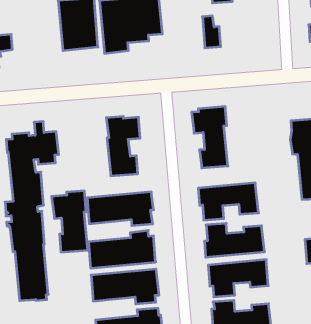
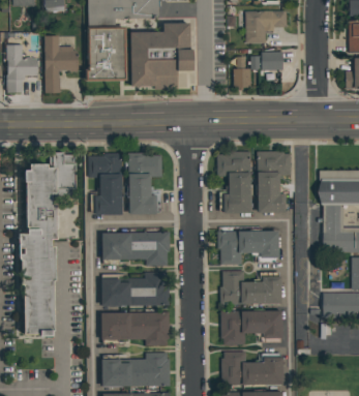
building: none -> [251,52,283,70]
building: none -> [43,36,77,94]
building: none -> [257,151,291,212]
building: [52,191,88,252] -> [88,152,122,213]

